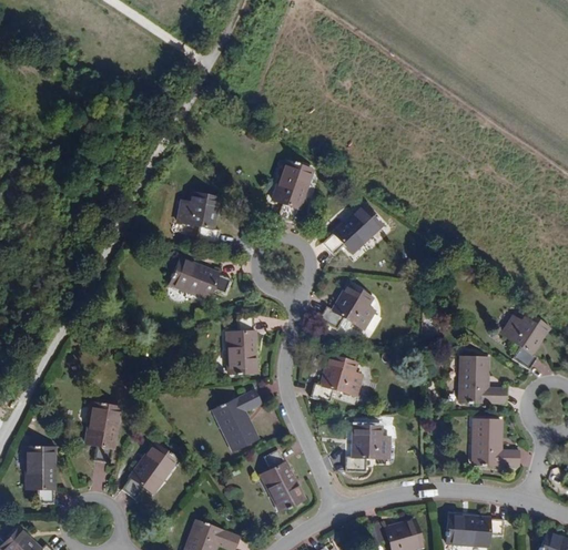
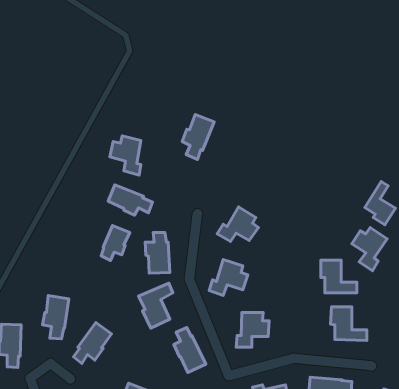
building: [321,205,379,257] -> none
building: none -> [365,181,395,225]
building: none -> [101,226,130,261]

